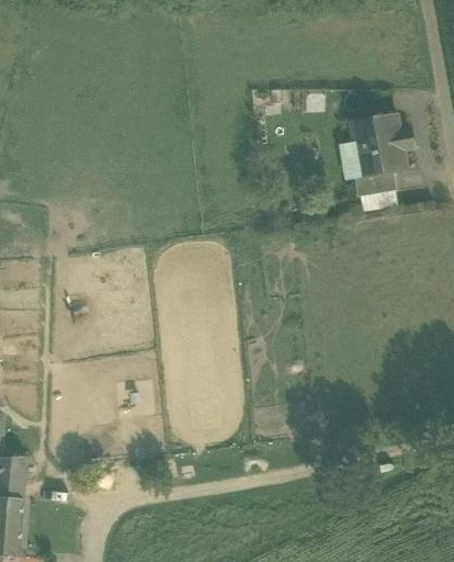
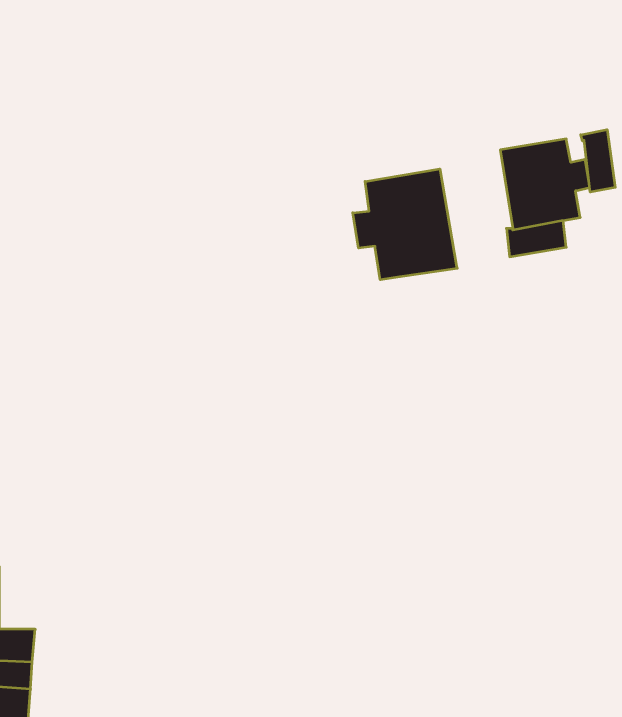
building: none -> [581,130,615,192]
building: none -> [353,169,457,280]

